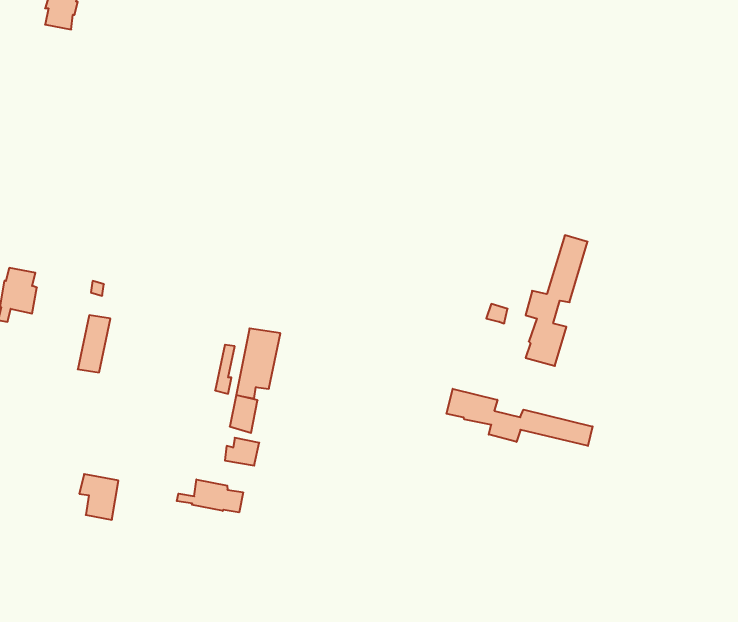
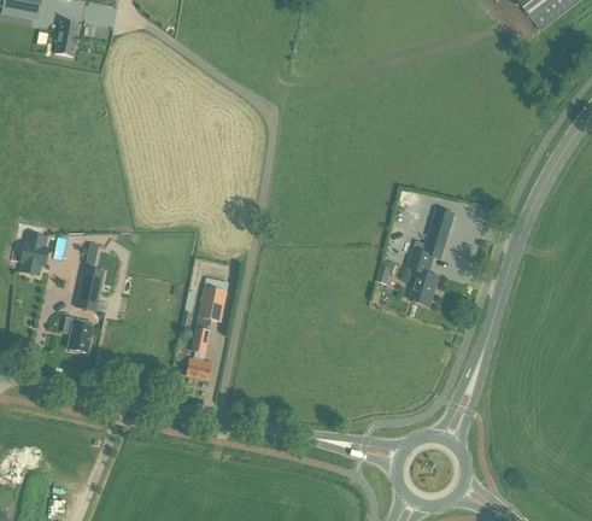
building: [446,389,593,446] -> none
building: [79,474,118,520] -> [64,318,93,352]
building: [177,479,243,512] -> none

